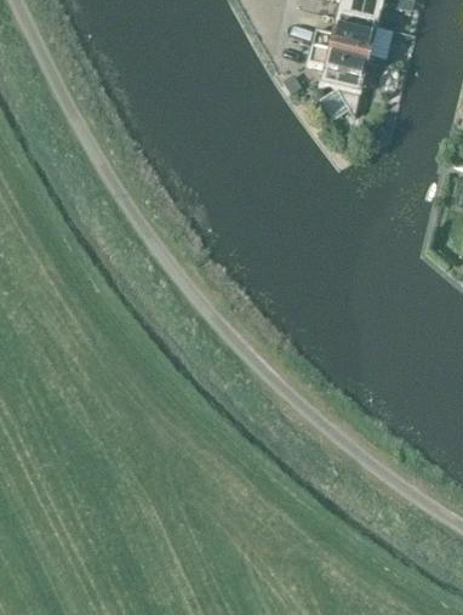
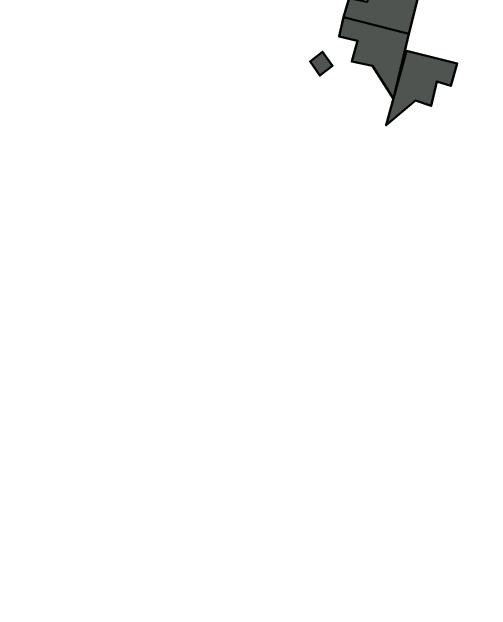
building: none -> [386,51,457,125]

